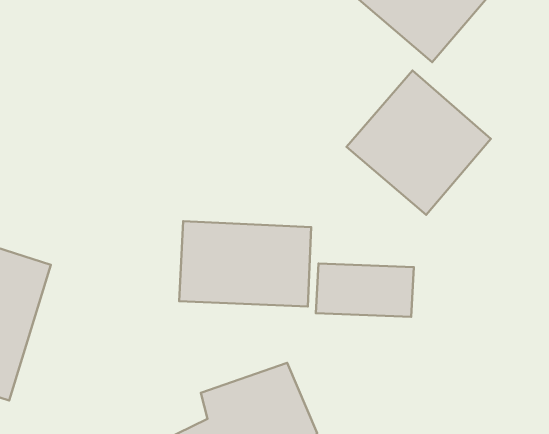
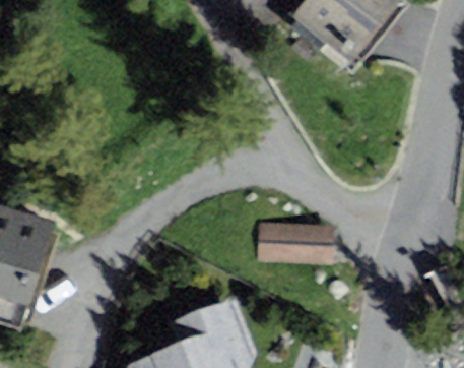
building: [347,71,491,215] -> none
building: [179,221,311,307] -> none

